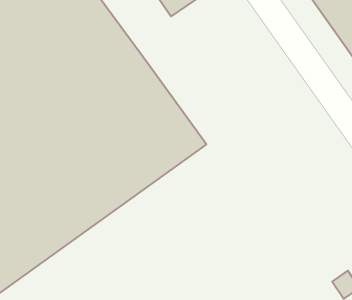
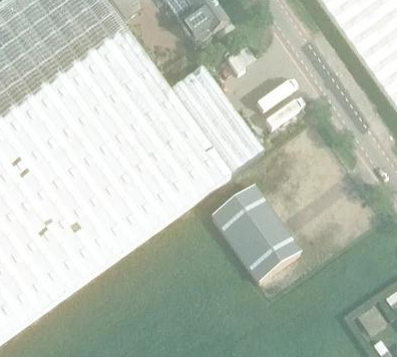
building: none -> [171,68,265,174]
building: none -> [213,187,301,282]

